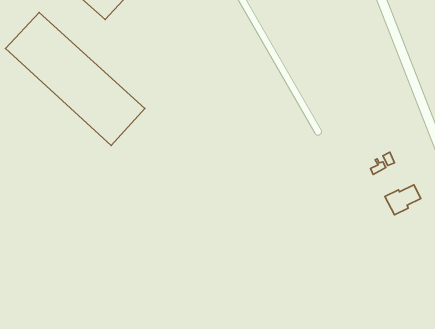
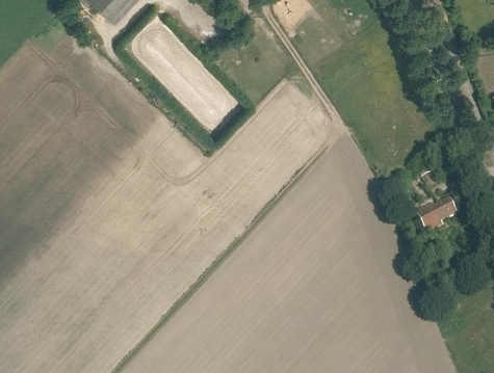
building: [6,12,145,145] -> none

